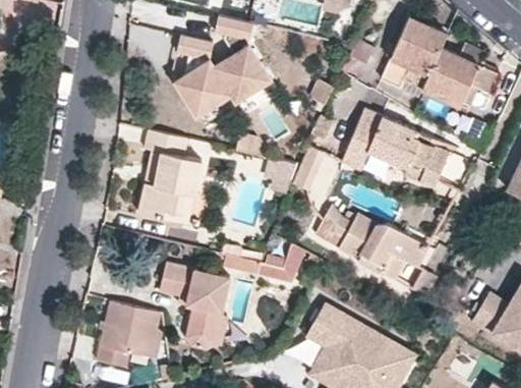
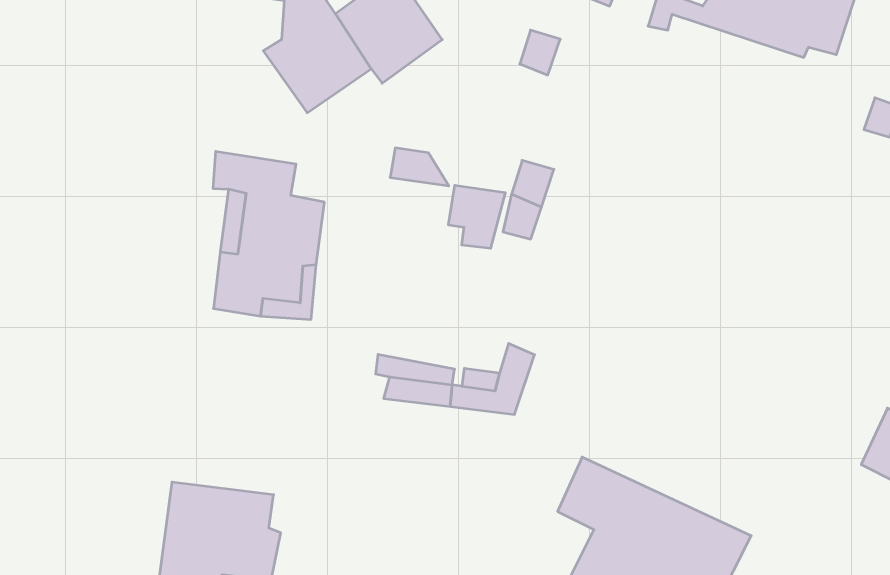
building: [343,110,450,187] -> none
building: [323,206,425,280] -> none
building: [159,263,229,346] -> none

